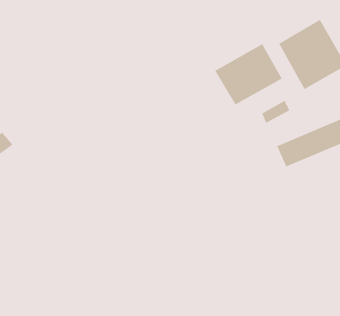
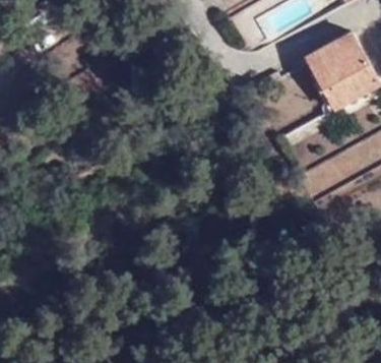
building: [214,43,283,105] -> none

